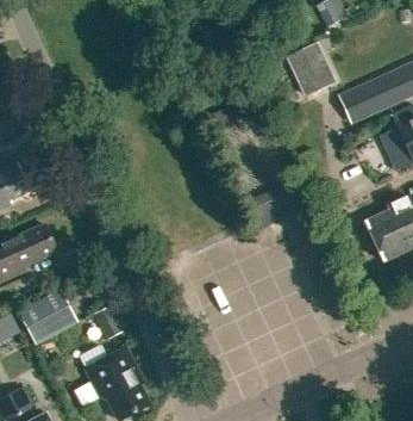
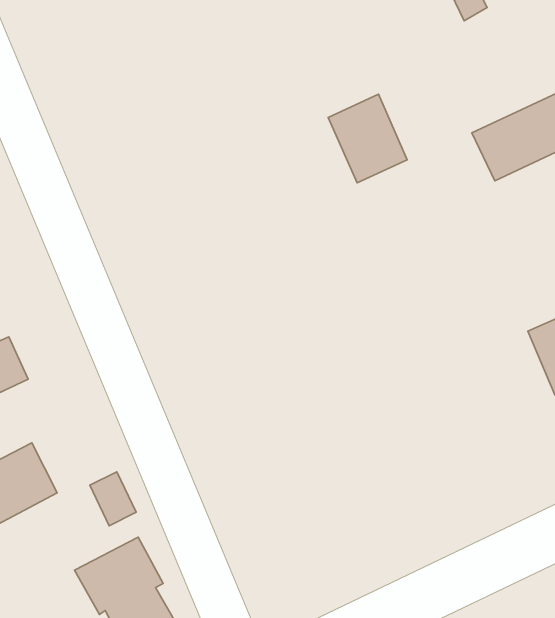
building: [287,45,336,100] -> [328,94,407,183]

